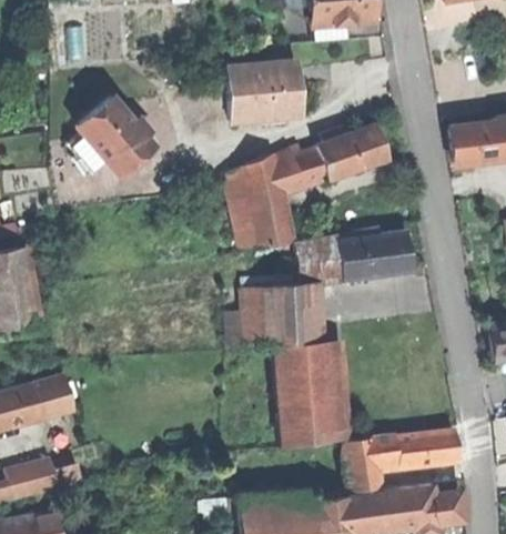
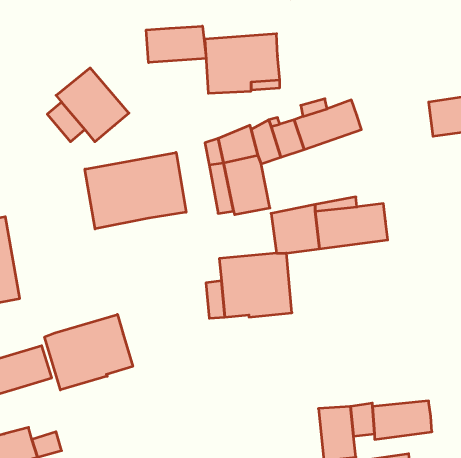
building: none -> [146,26,206,63]
building: none -> [85,152,186,229]
building: [273,342,336,449] -> none
building: none -> [45,314,133,390]

